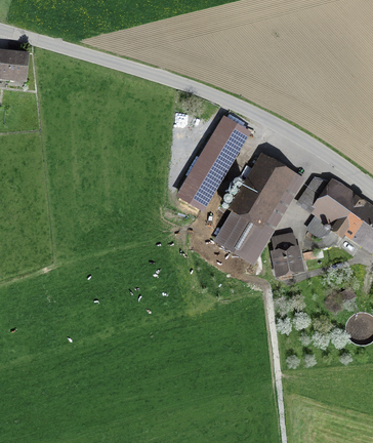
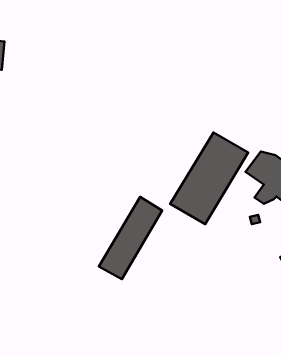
building: [176,114,247,206] -> [99,197,162,279]
building: [270,232,302,272] -> none

